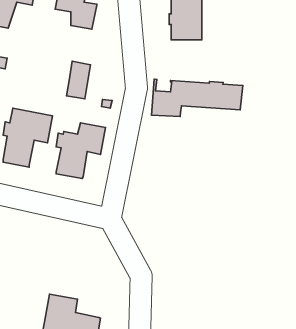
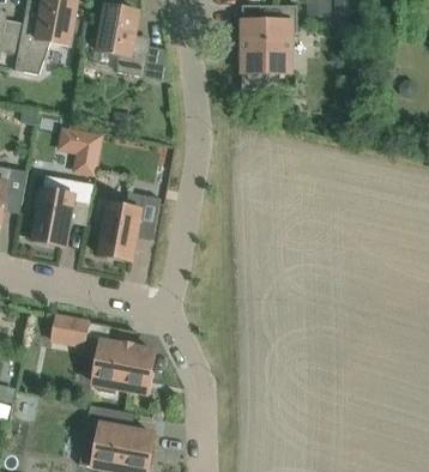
building: [66,61,90,99] -> [72,129,102,176]
building: [151,79,243,116] -> none
building: none -> [50,314,155,392]

